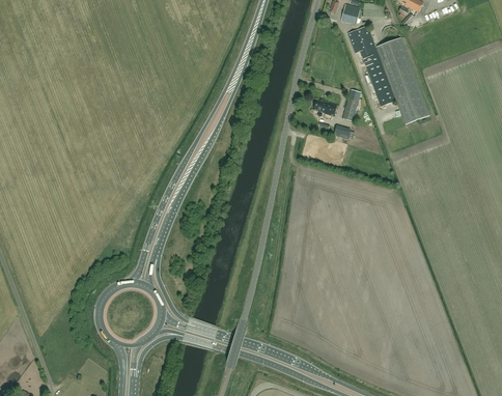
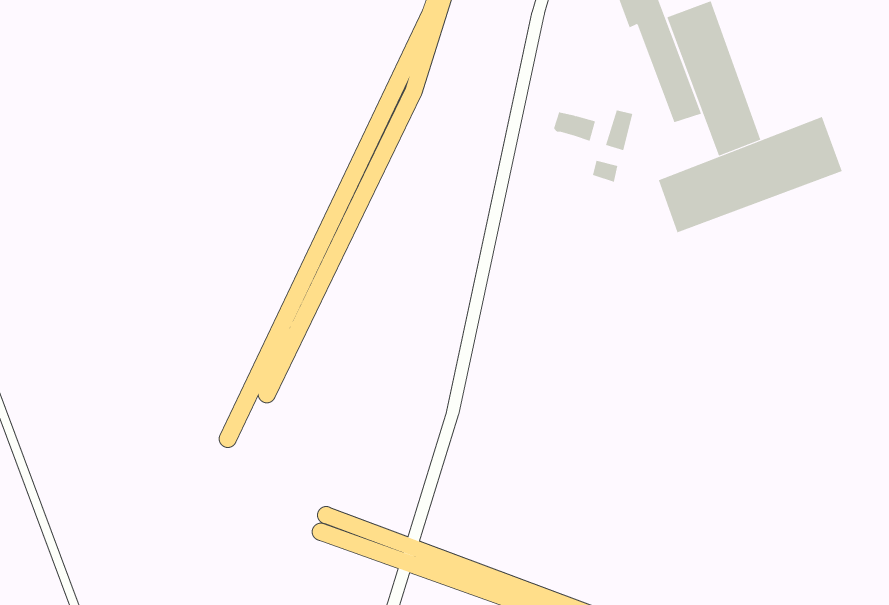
building: none -> [658,116,843,233]

